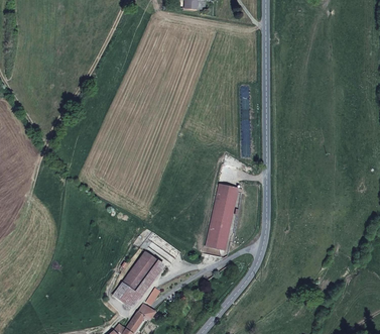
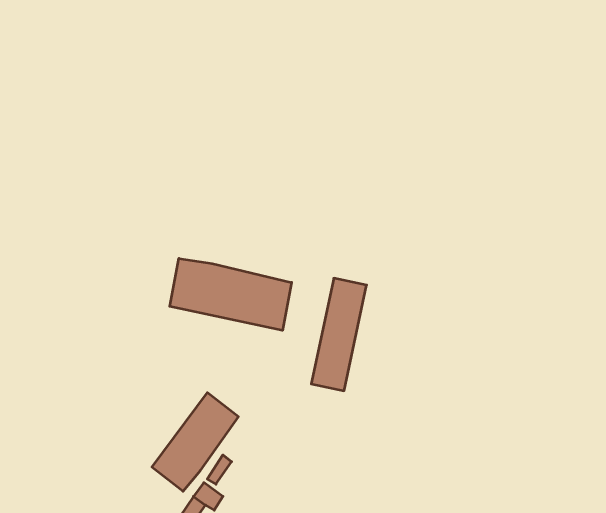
building: none -> [170,258,292,330]

